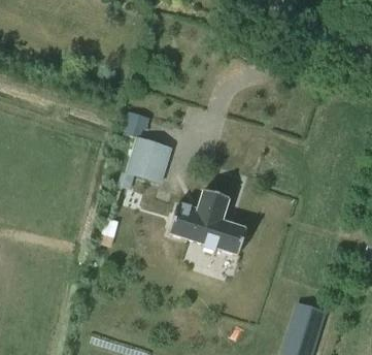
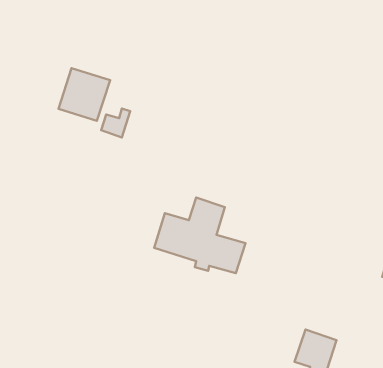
building: [127,138,171,184] -> [58,68,110,121]

